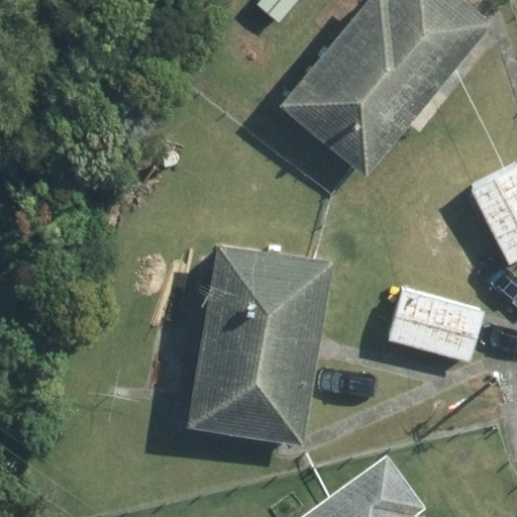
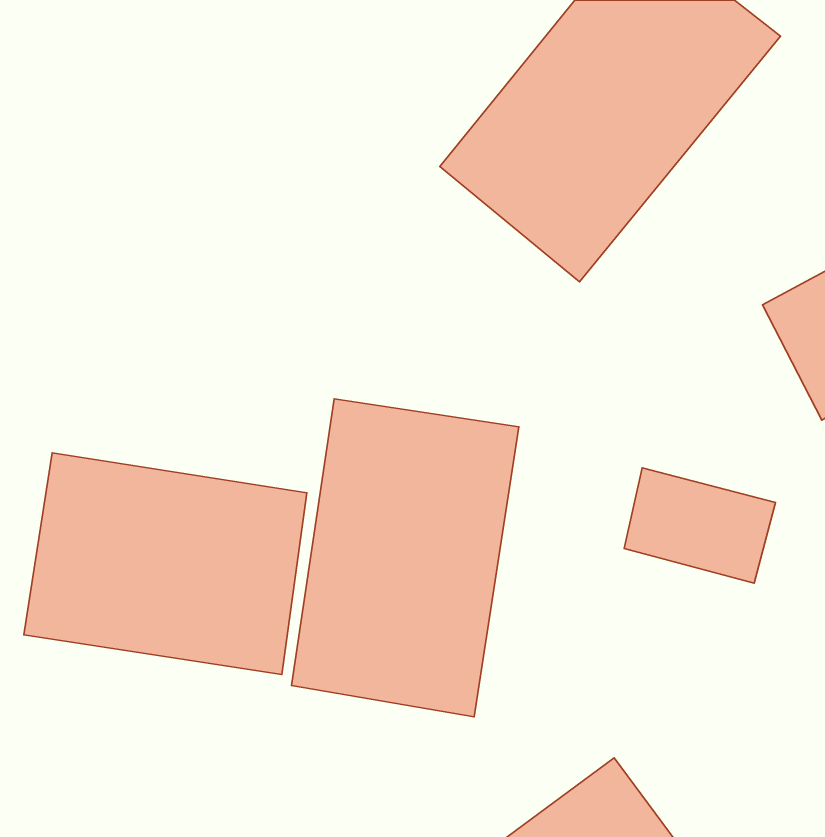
building: none -> [24,453,307,674]

